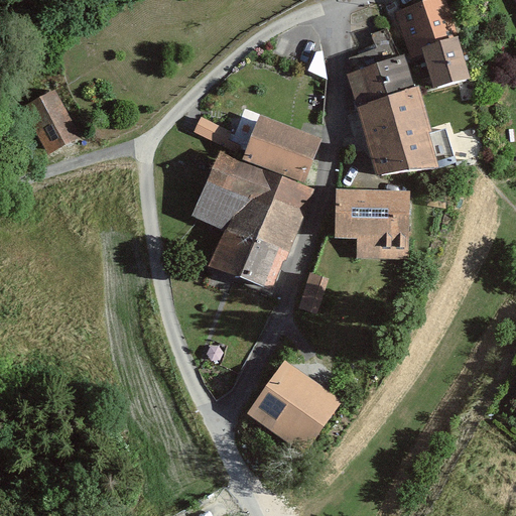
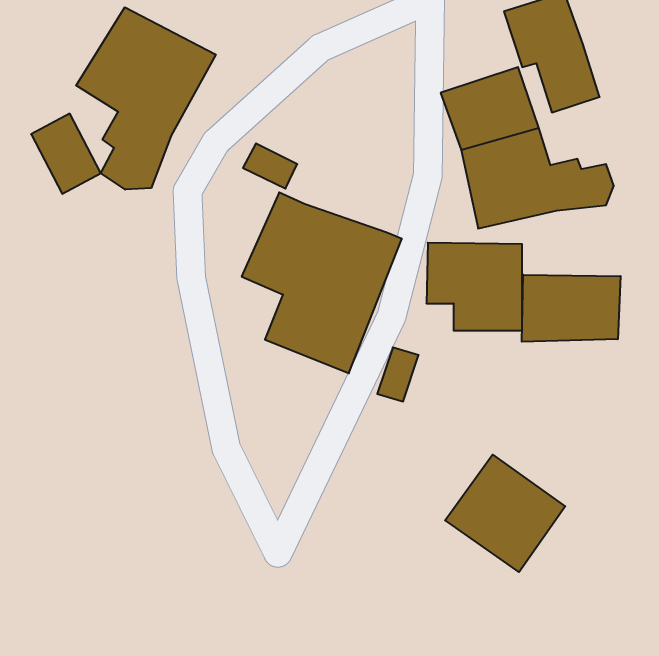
building: none -> [76,7,216,190]
building: [239,113,319,181] -> none
building: none -> [522,275,621,342]
building: [246,361,340,453] -> [445,455,565,572]

